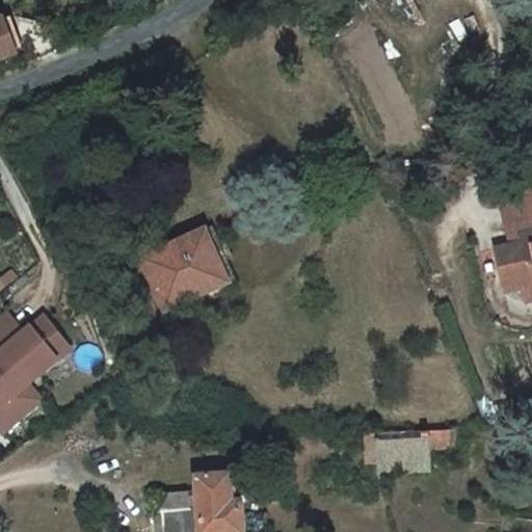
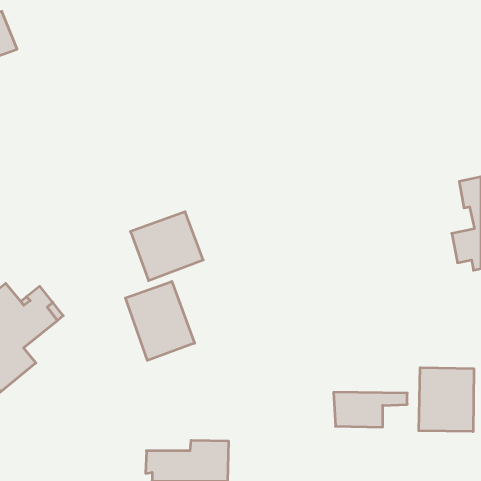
building: none -> [125,281,195,360]
building: none -> [419,368,474,432]

